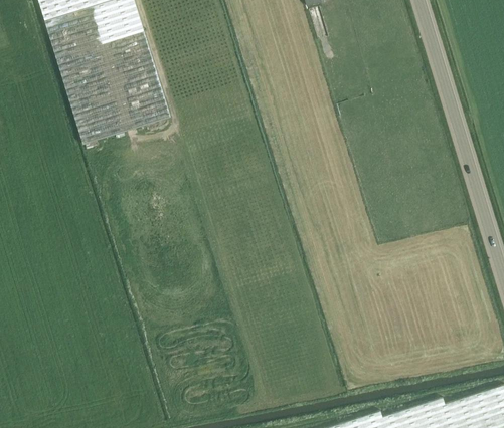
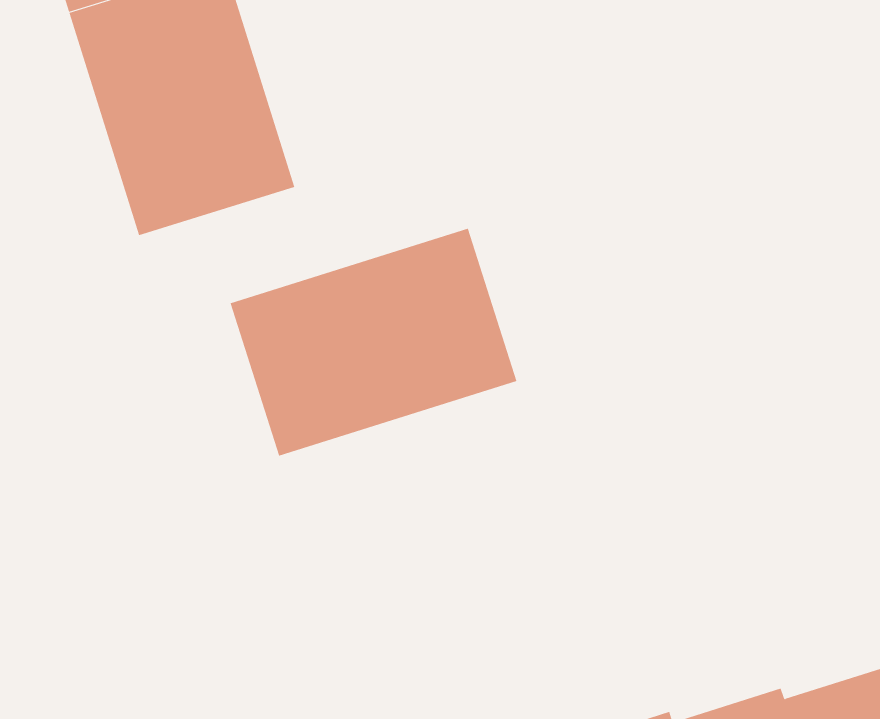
building: none -> [230,228,517,457]

